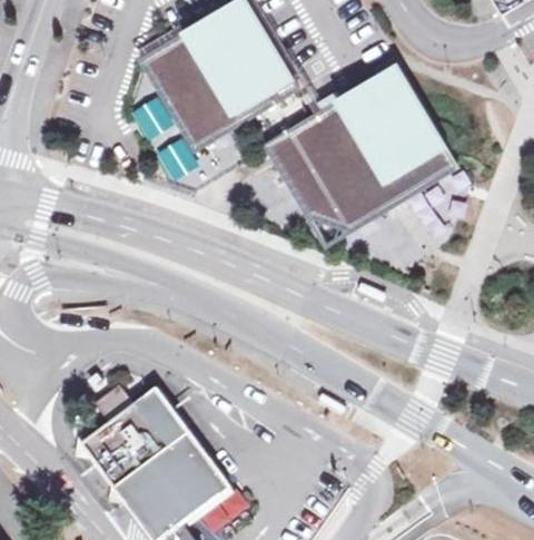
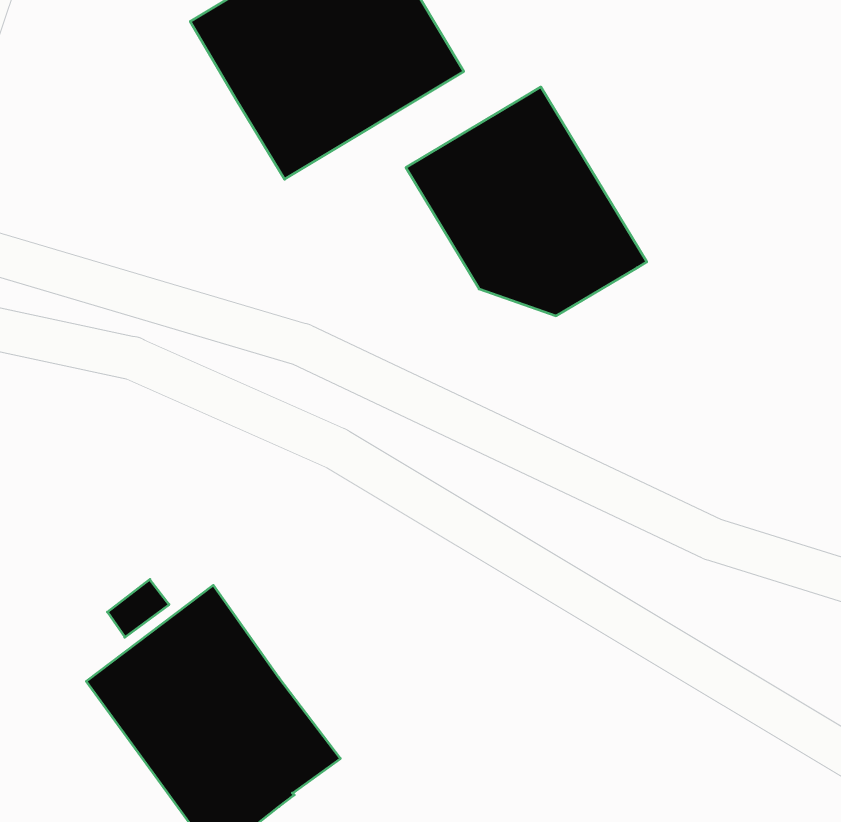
building: [343,62,457,196] -> none

